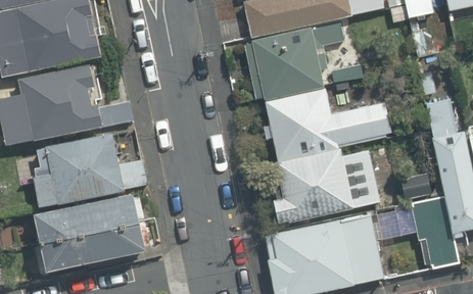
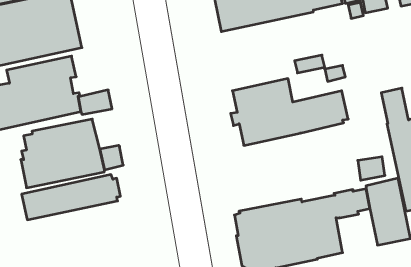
building: [245,24,345,100] -> none
building: [270,148,379,222] -> none
building: [42,222,150,271] -> none

